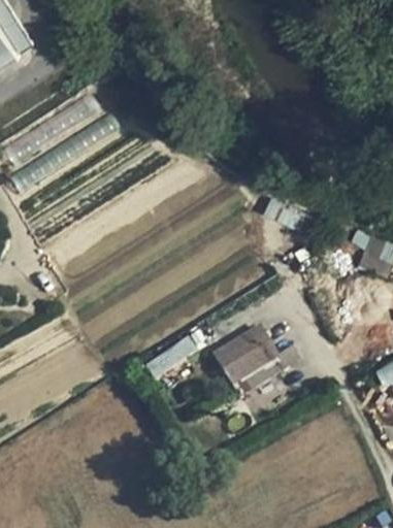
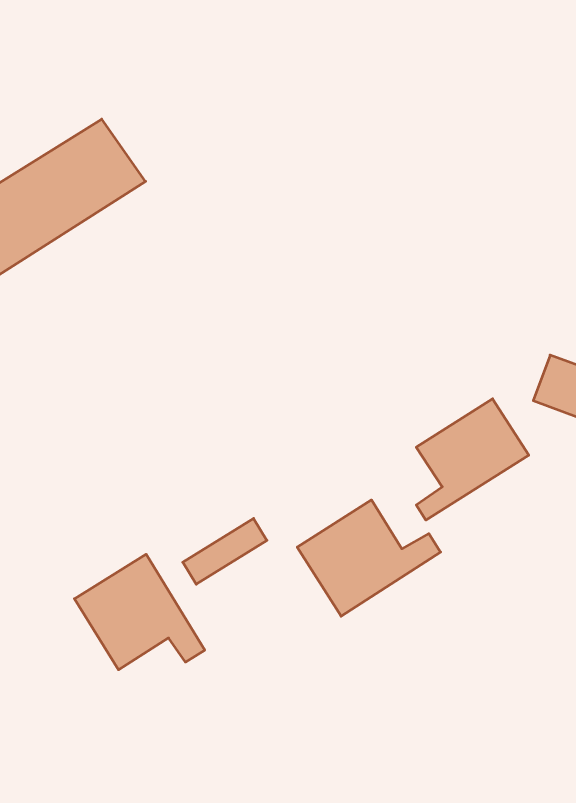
building: none -> [416,399,529,520]
building: none -> [74,554,205,670]

